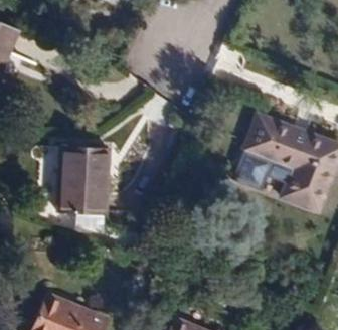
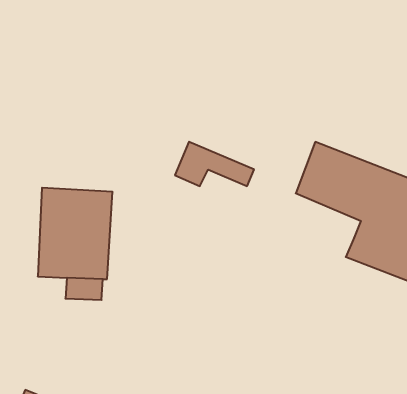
building: [233,150,291,182] -> [175,142,254,186]

